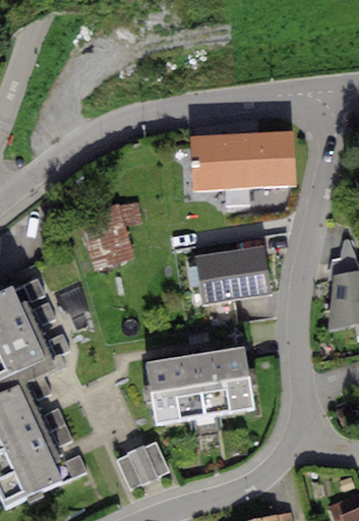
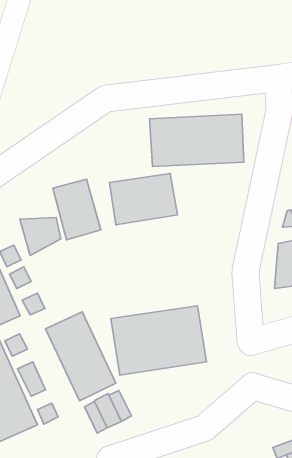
building: [196,247,273,305] -> [110,173,177,225]
building: none -> [20,217,61,256]
building: none -> [46,312,116,401]

